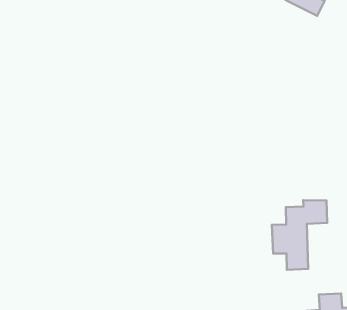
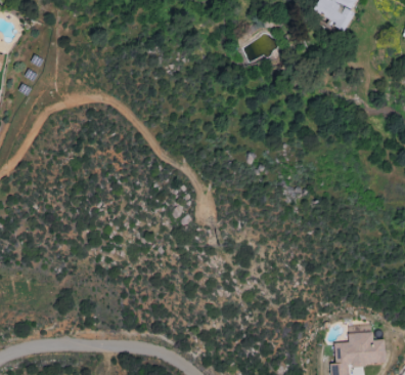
building: [272,200,327,270] -> none

